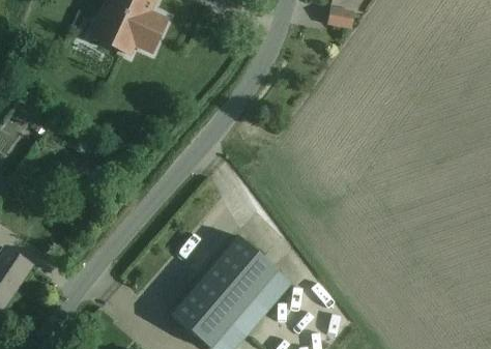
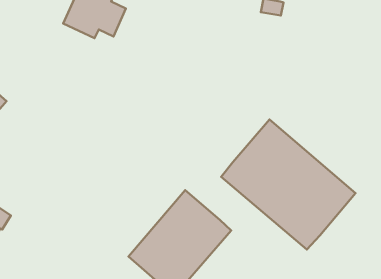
building: none -> [221,119,355,250]

